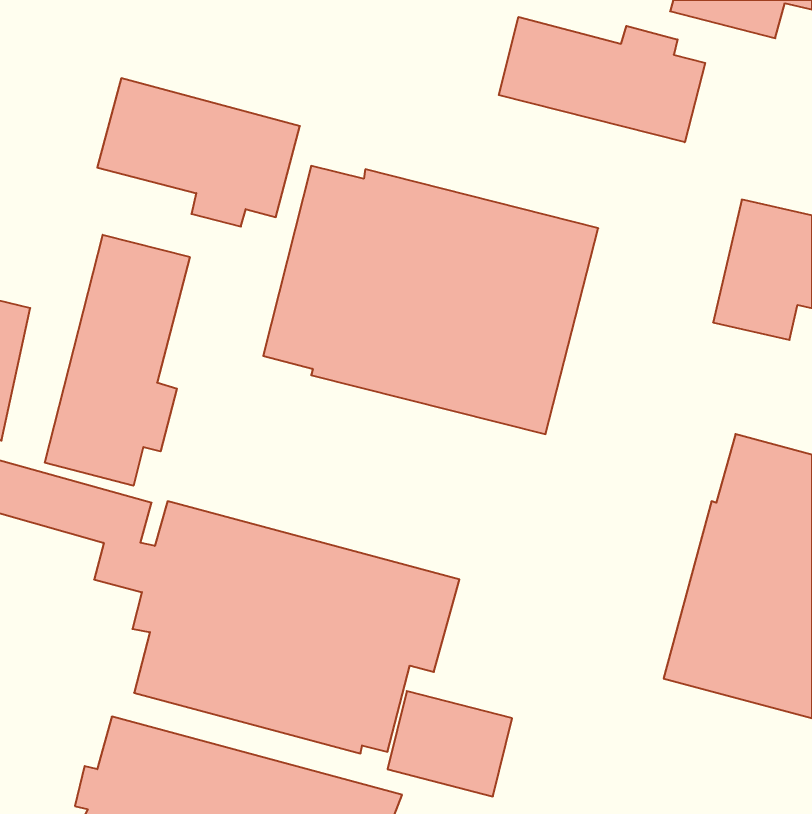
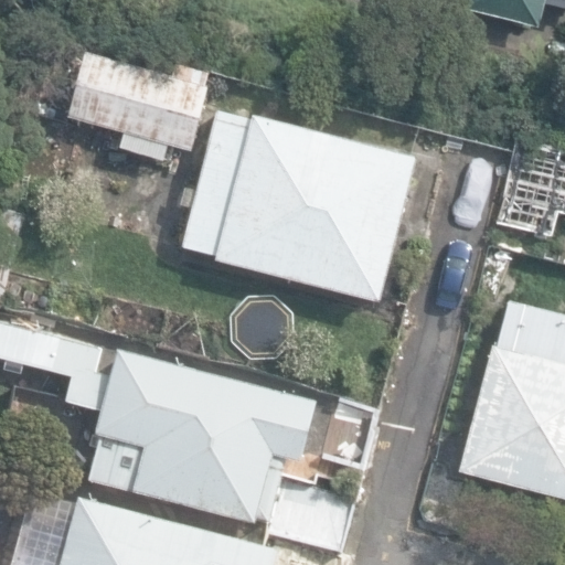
building: [499,17,705,142] -> none
building: [45,235,190,486] -> none

